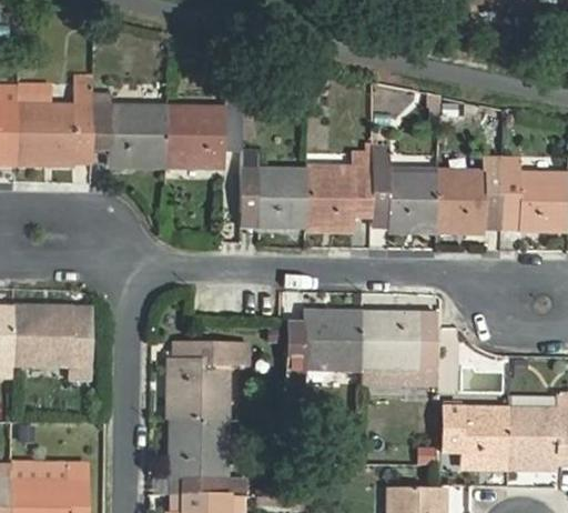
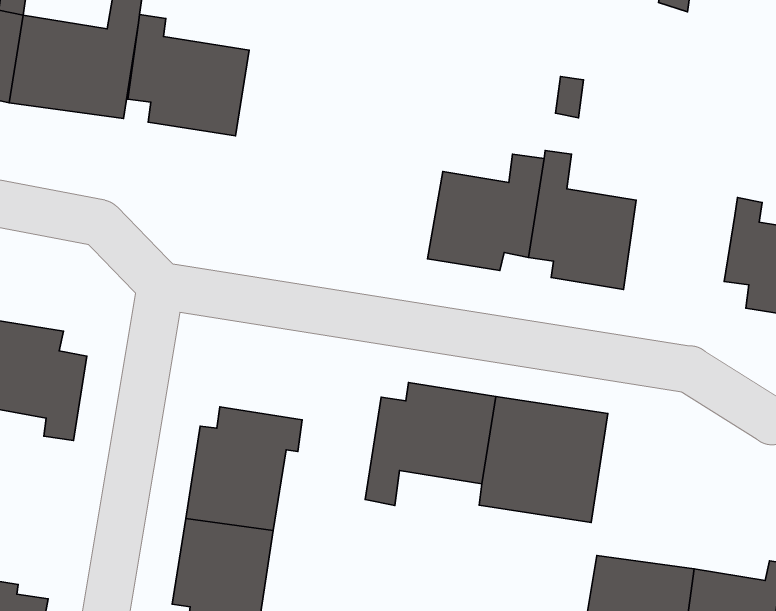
building: [168,105,226,164] -> none
building: [241,150,307,227] -> none
building: [437,169,504,230] -> none

